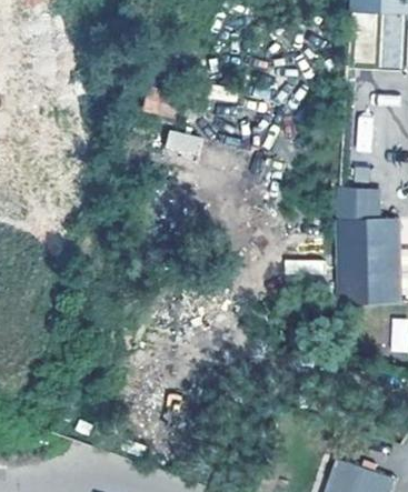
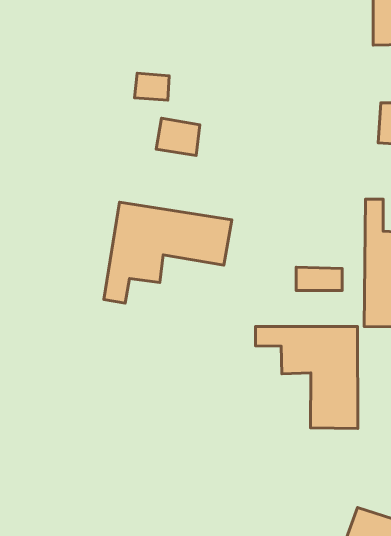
building: none -> [104,202,232,303]
building: none -> [255,327,358,429]

